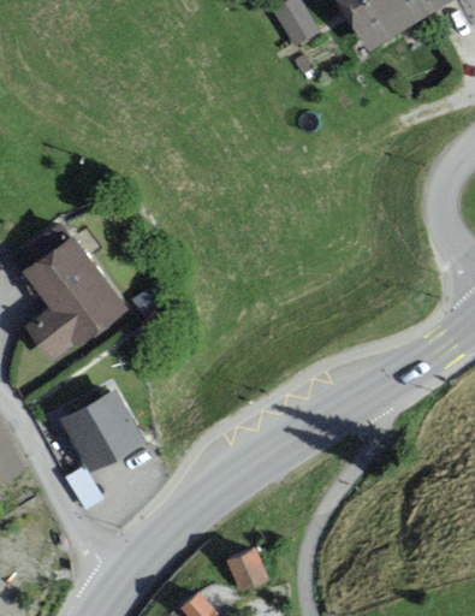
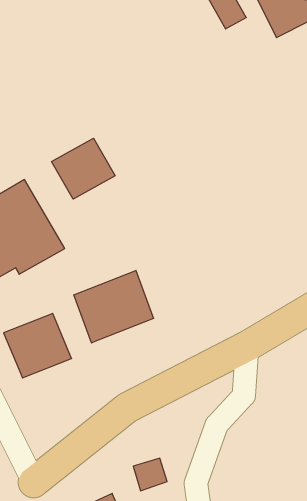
building: none -> [52,138,115,199]
building: none -> [74,270,154,343]

